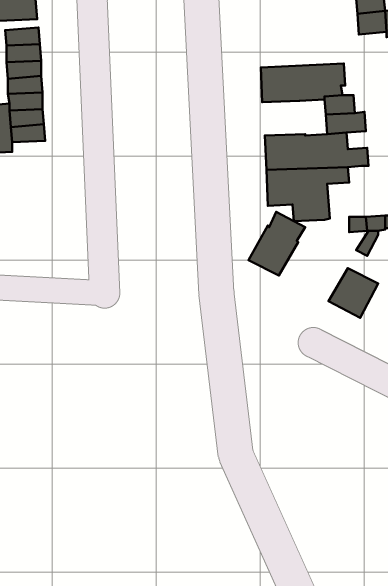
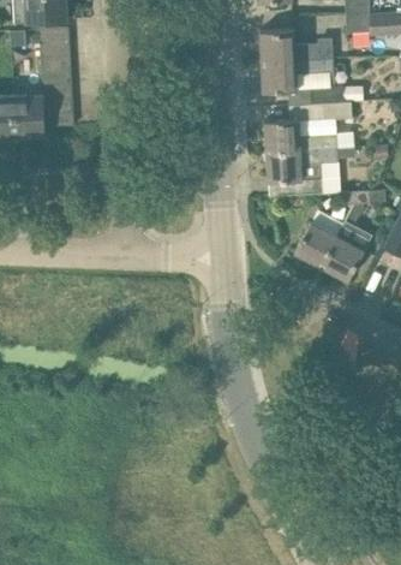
building: none -> [259,30,333,63]
building: [249,212,305,275] -> [293,210,342,266]

